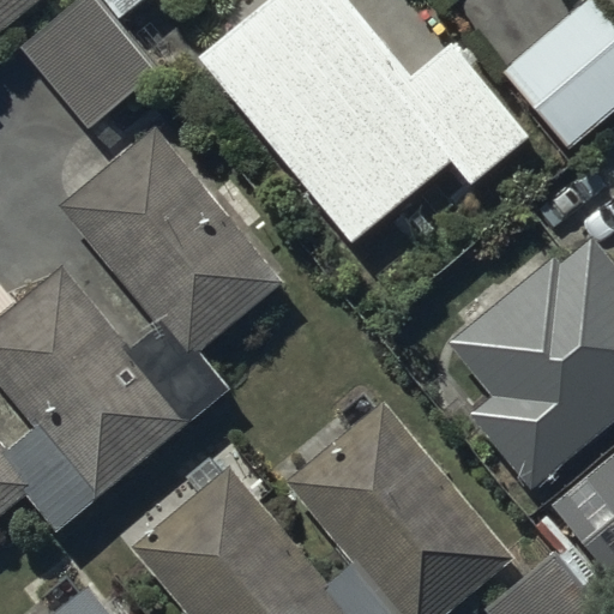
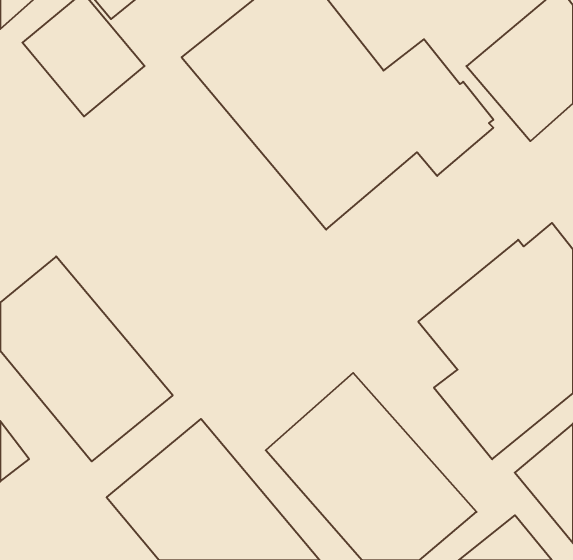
building: [68,136,287,361] -> none

